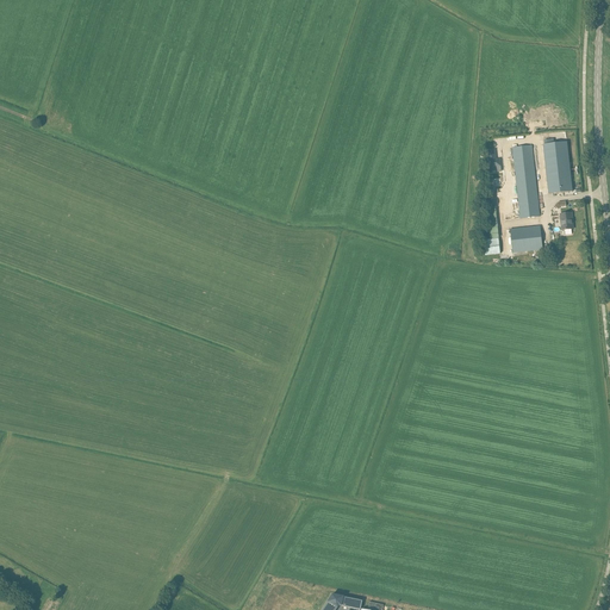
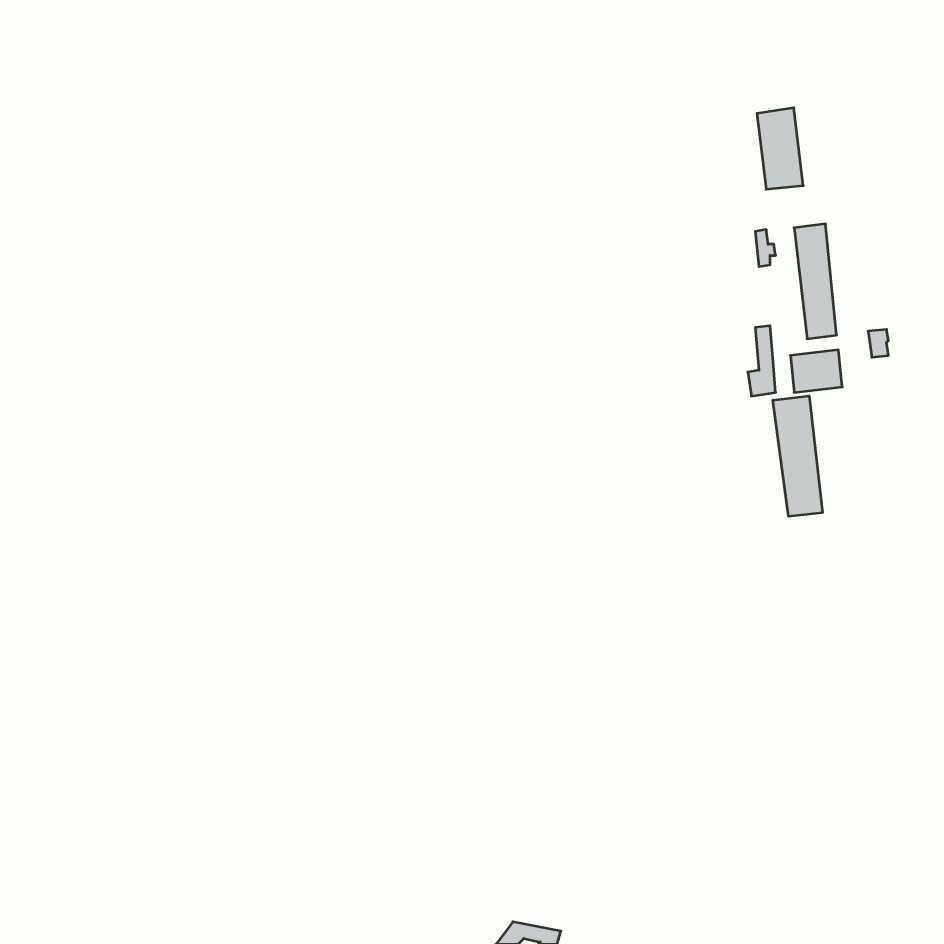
building: [542,141,572,193] -> [757,108,803,189]
building: none -> [773,396,822,516]

